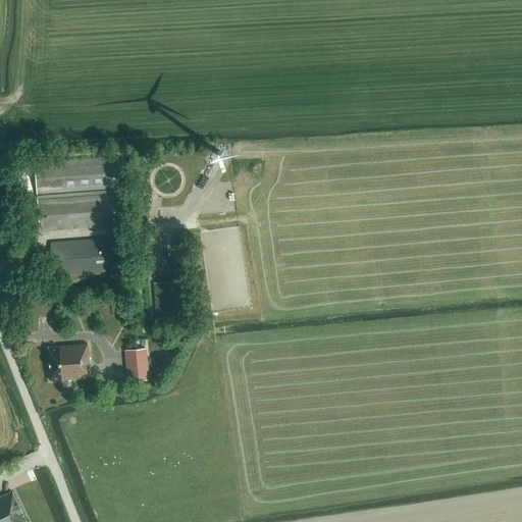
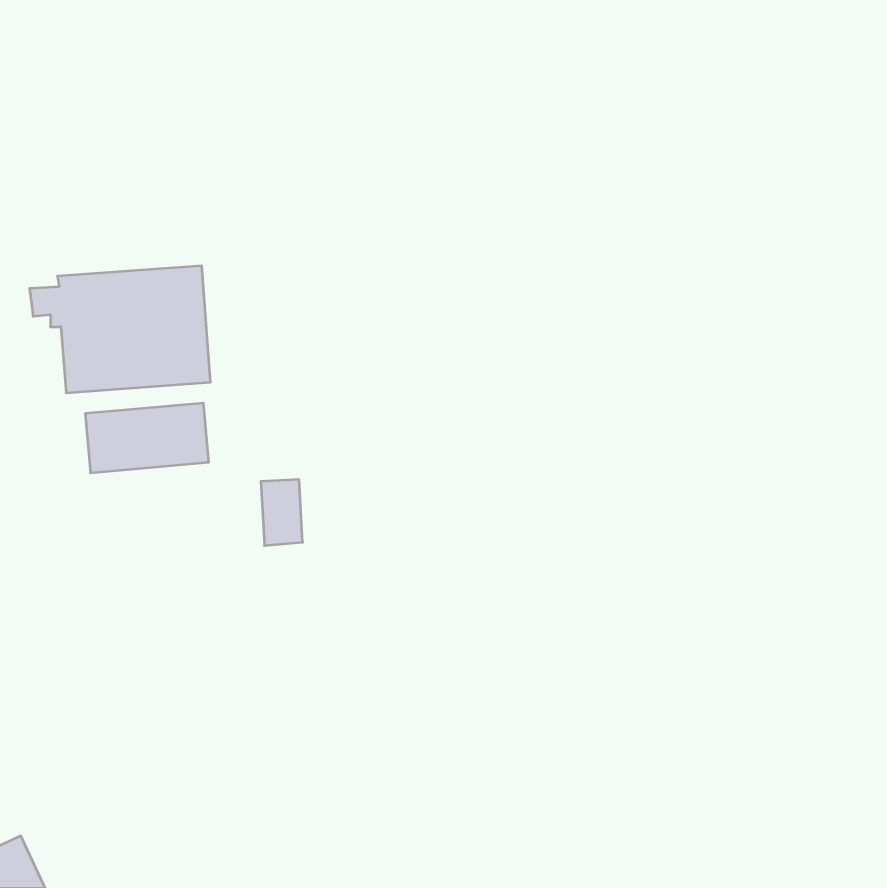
building: [49,344,89,380] -> none
building: [123,348,148,381] -> none

